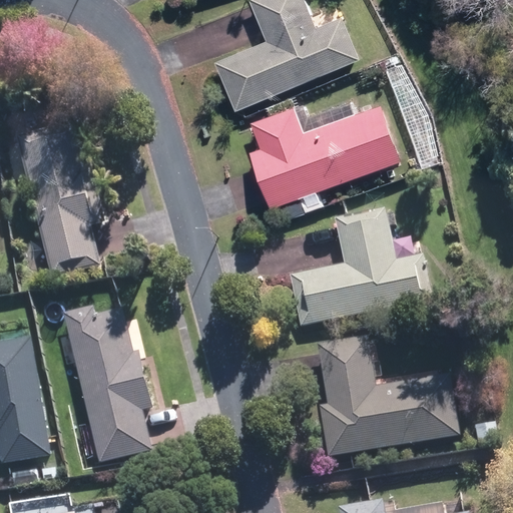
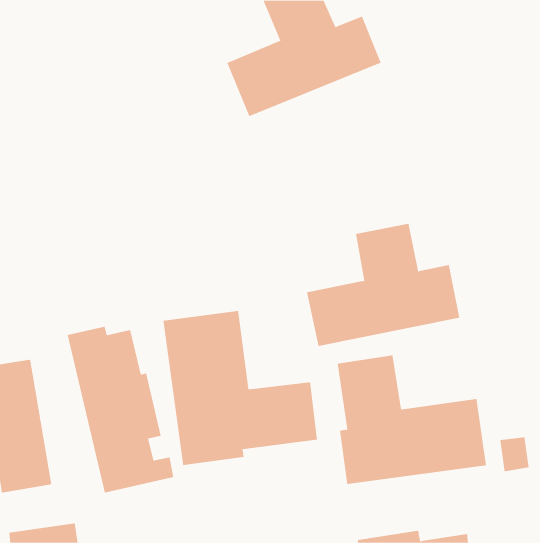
building: [248,97,399,207] -> none
building: [19,124,111,279] -> none
building: none -> [163,310,317,466]

